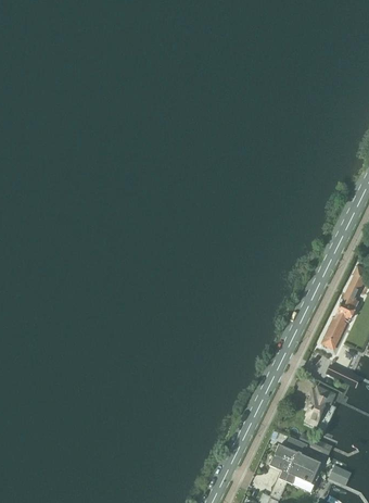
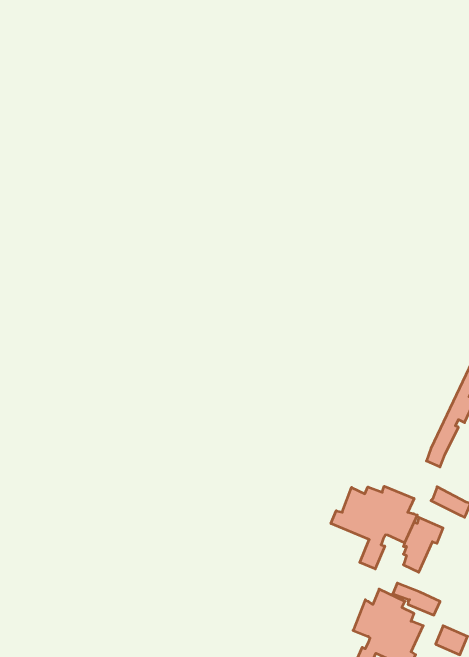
building: none -> [331,486,417,569]

